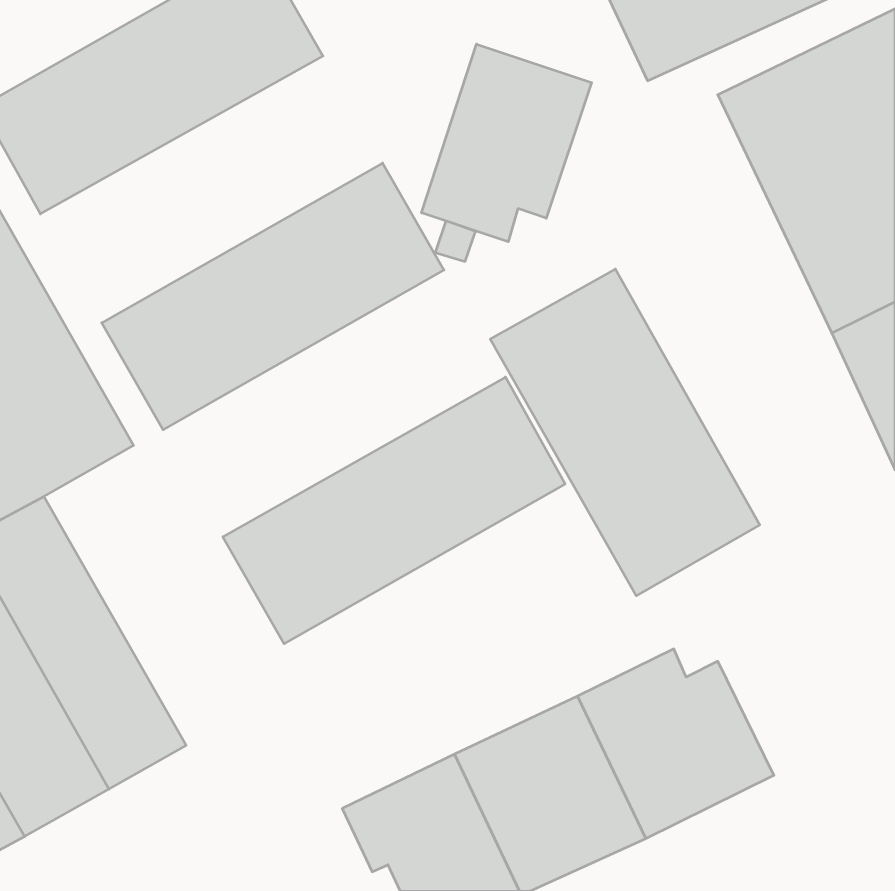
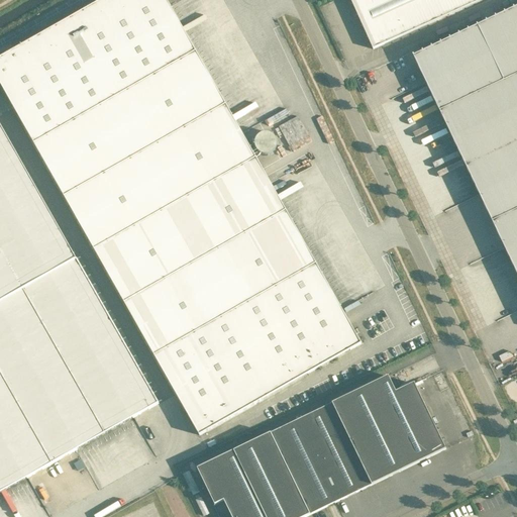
building: [422,44,592,242] -> none
building: none -> [23,32,220,186]
building: [490,269,760,596] -> none
building: none -> [94,156,291,309]
building: none -> [25,256,159,429]
building: none -> [164,279,360,432]

